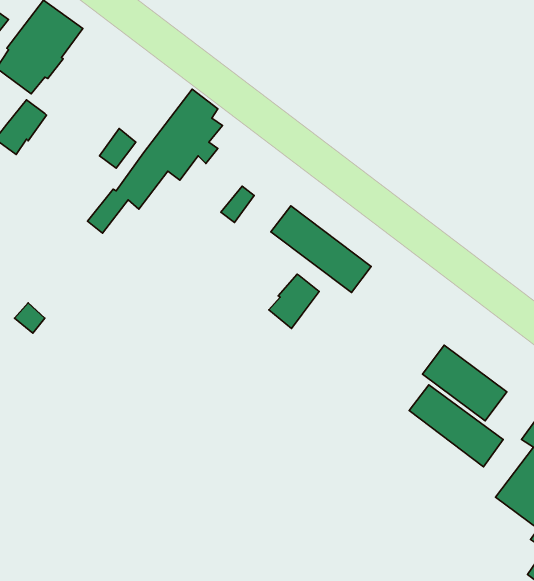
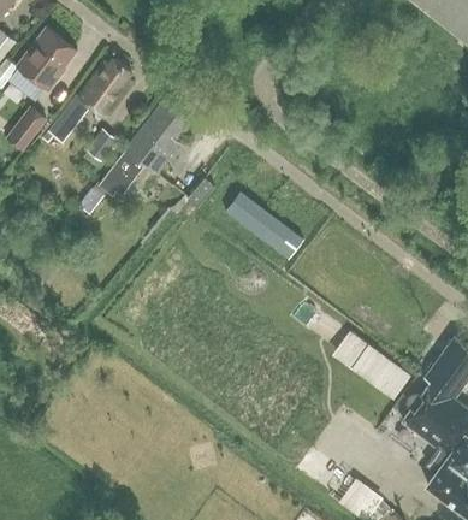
building: none -> [48,59,129,142]
building: [269,274,319,329] -> none
building: [423,345,507,421] -> none

